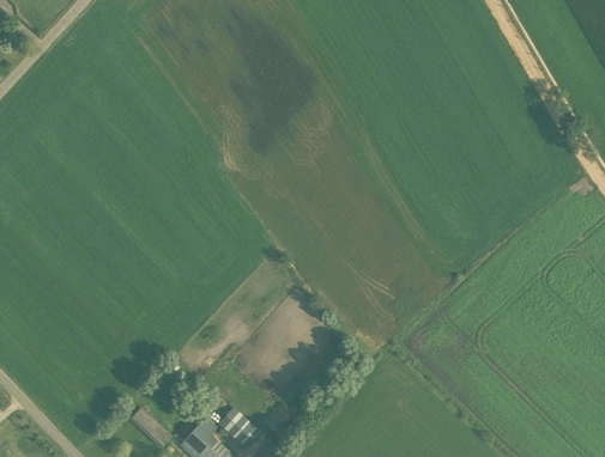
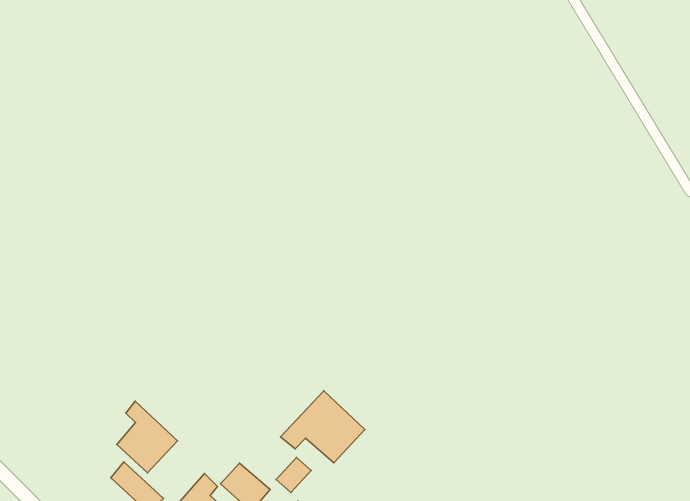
building: none -> [280,391,365,463]
building: none -> [117,401,177,473]

